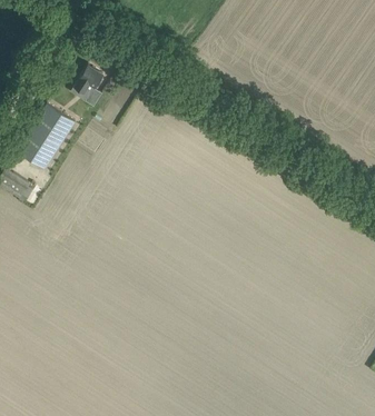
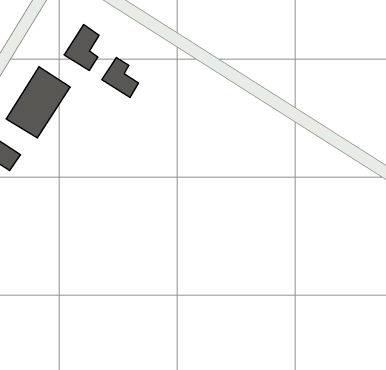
building: none -> [102,57,139,98]

